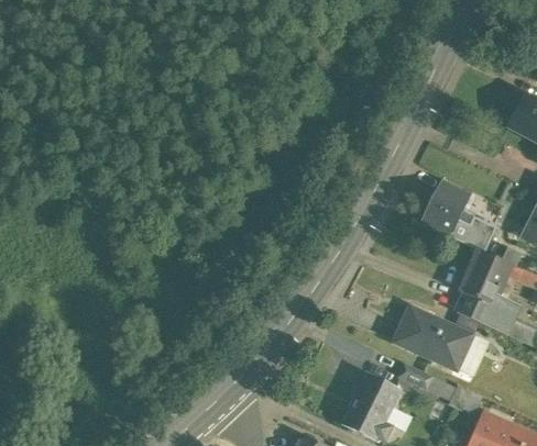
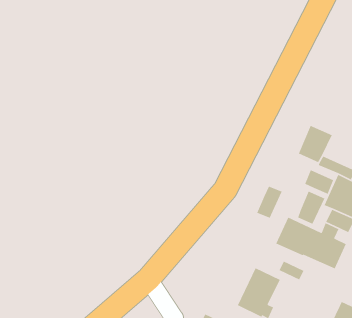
building: none -> [304,169,334,195]
building: none -> [256,185,282,219]
building: none -> [297,190,325,225]

